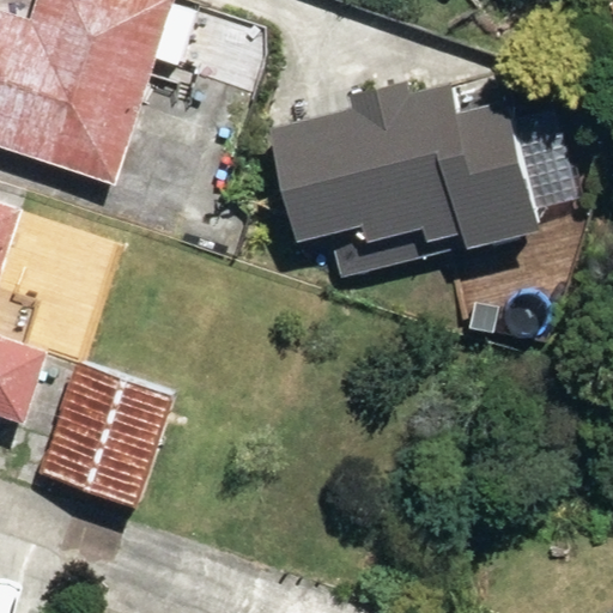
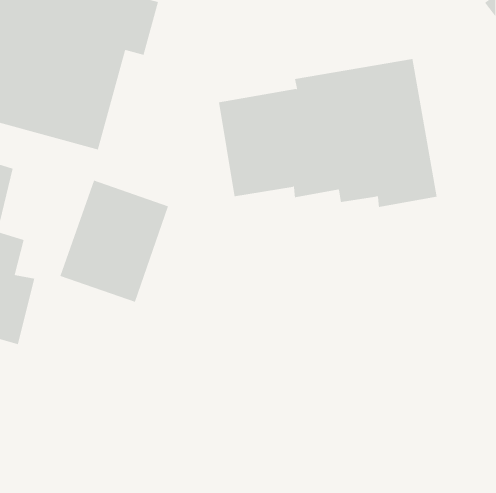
building: [36,352,170,503] -> [60,180,169,303]

